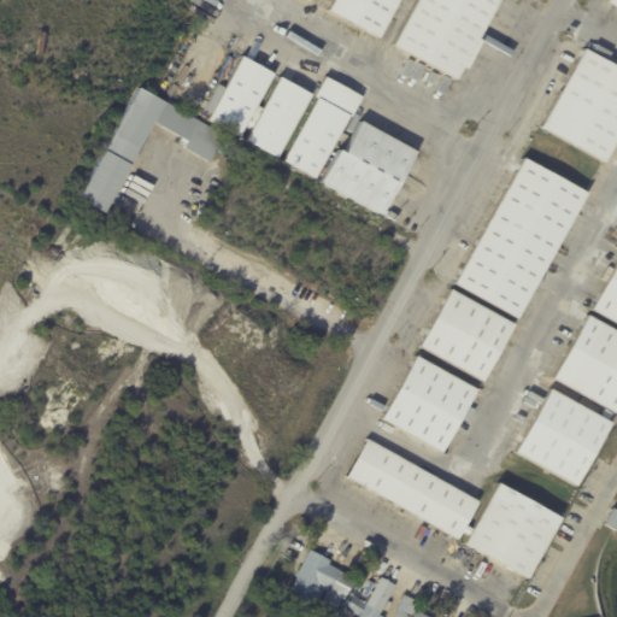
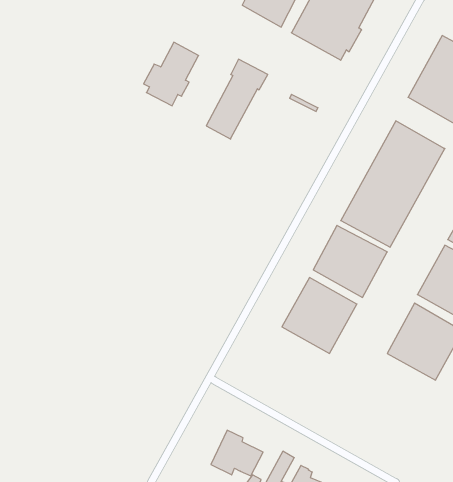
building: [247,78,313,159] -> none
building: [82,89,225,213] -> none
building: [322,121,417,215] -> none
building: [347,439,564,577] -> none

